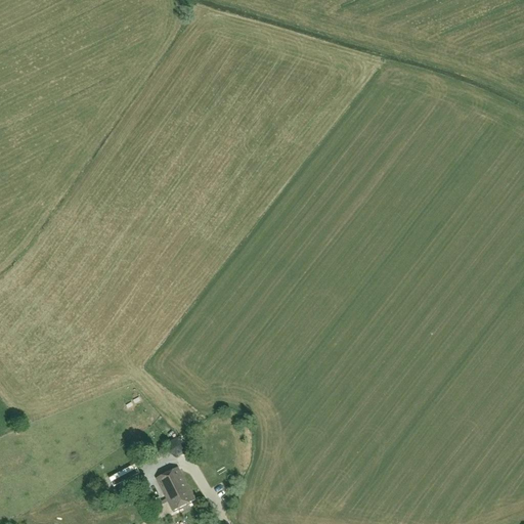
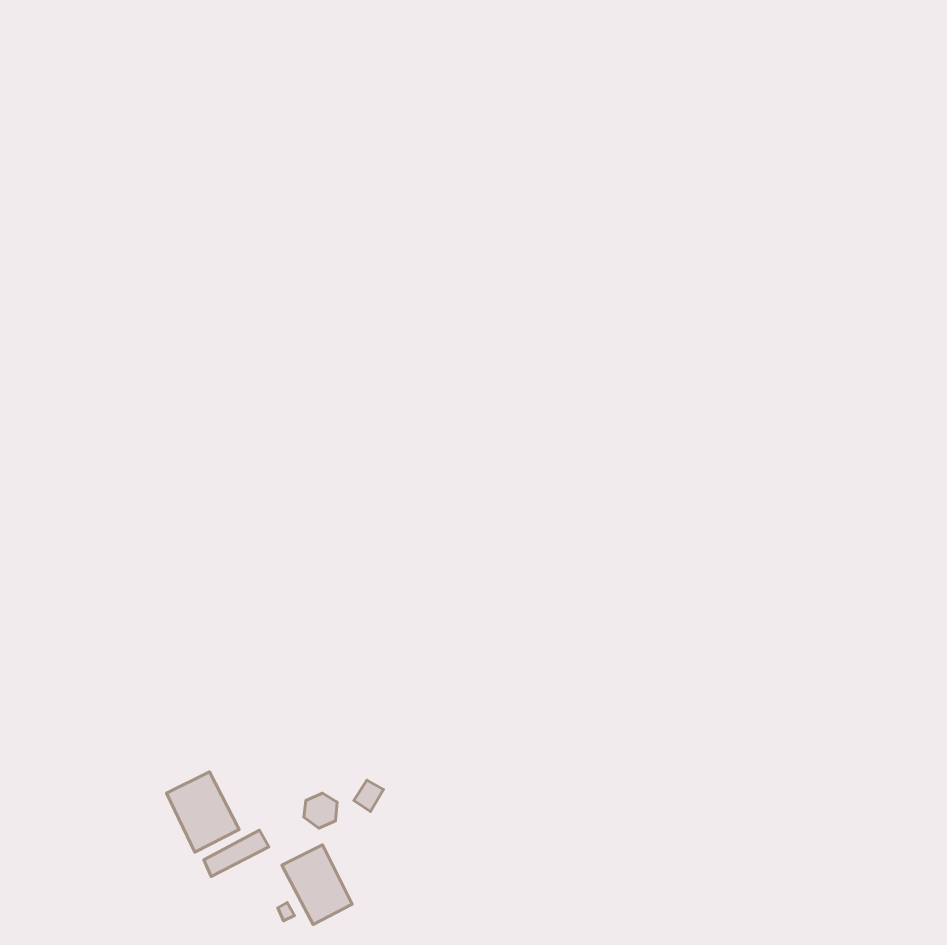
building: none -> [166,772,239,852]

